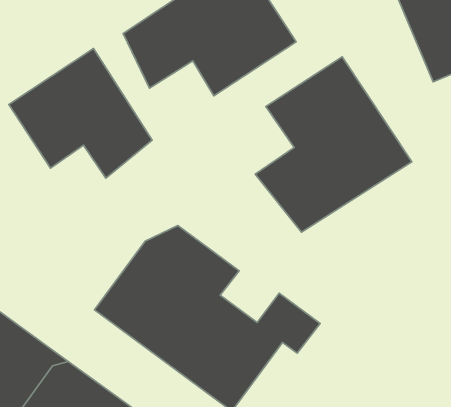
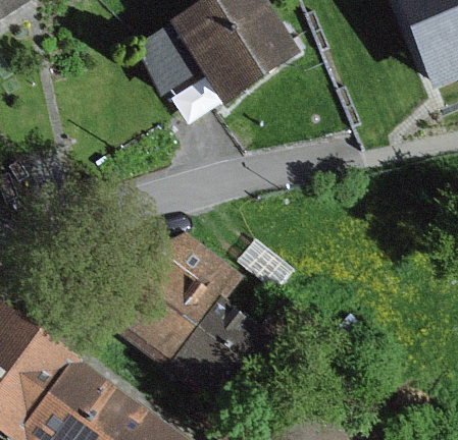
building: [9,48,152,178] -> none
building: [255,57,412,232] -> none

